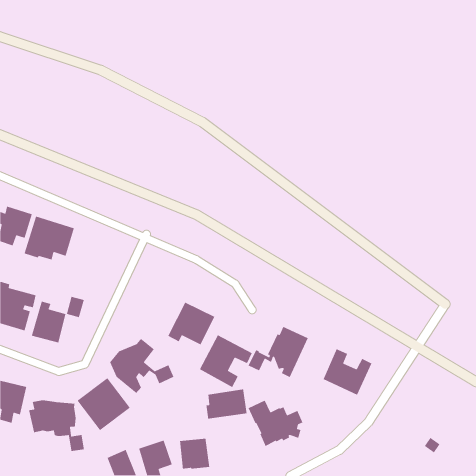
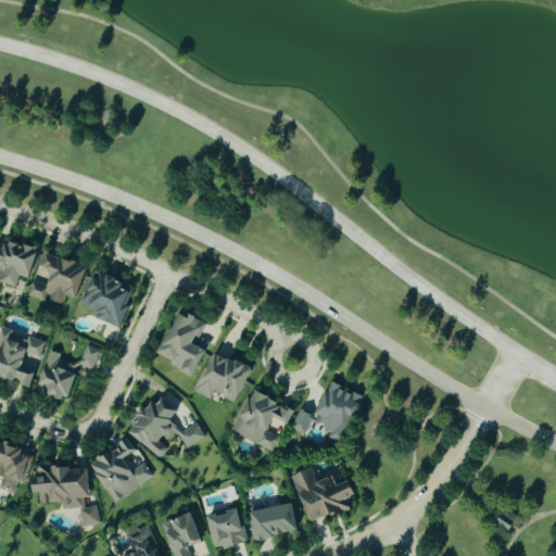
building: none -> [80,271,131,327]
building: none -> [159,309,206,377]
building: [322,348,372,396] -> none
building: [206,389,248,419] -> [249,504,298,540]

